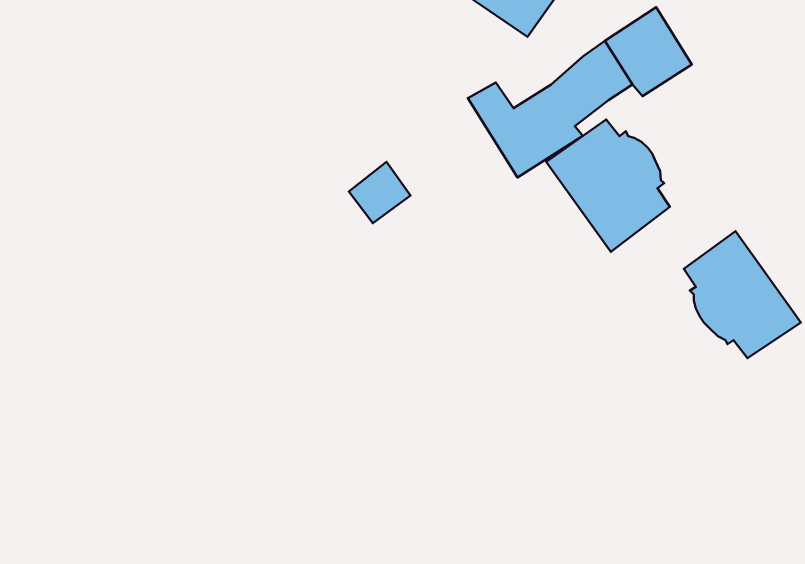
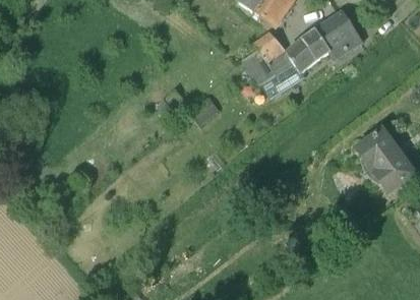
building: none -> [254,32,288,63]
building: [546,119,670,252] -> none

